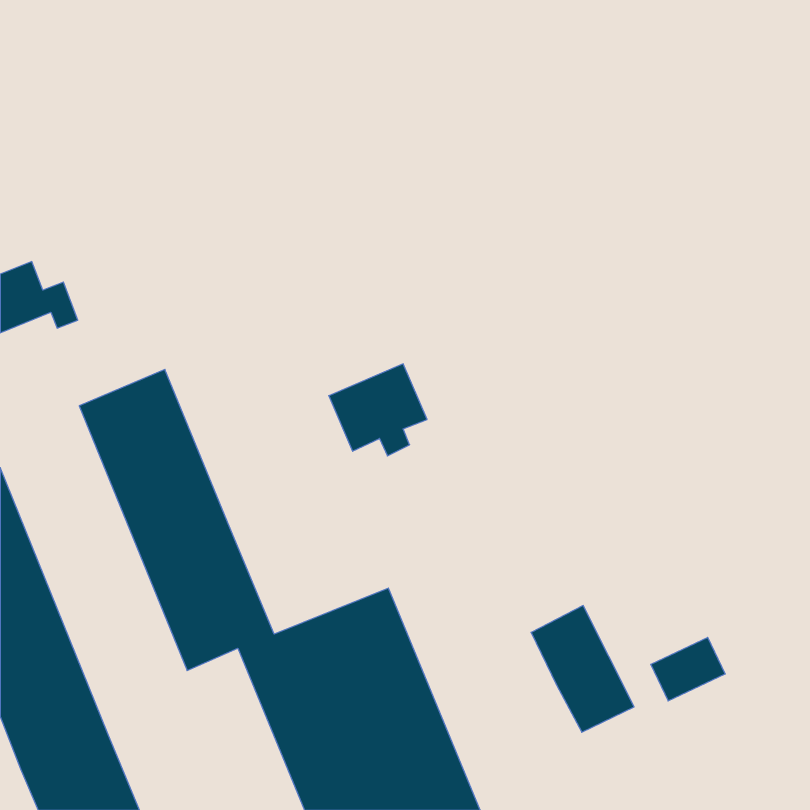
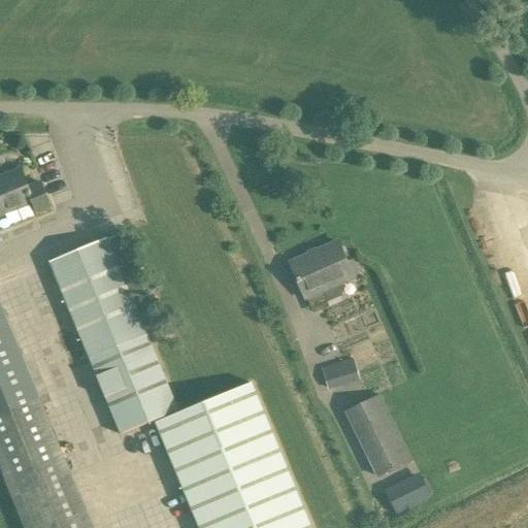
building: [329,364,427,456] -> [290,242,354,302]
building: none -> [322,358,360,390]
building: [651,637,725,701] -> [384,471,432,513]

